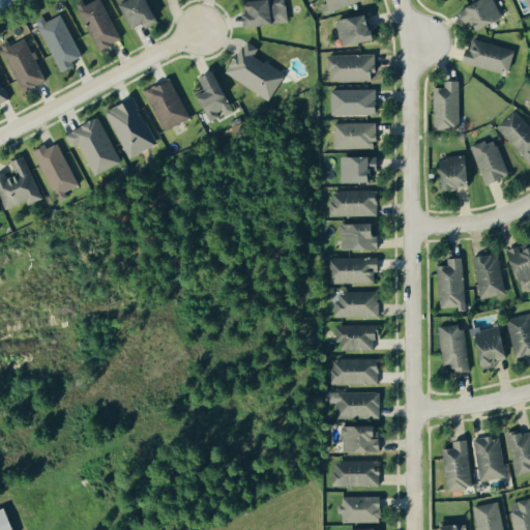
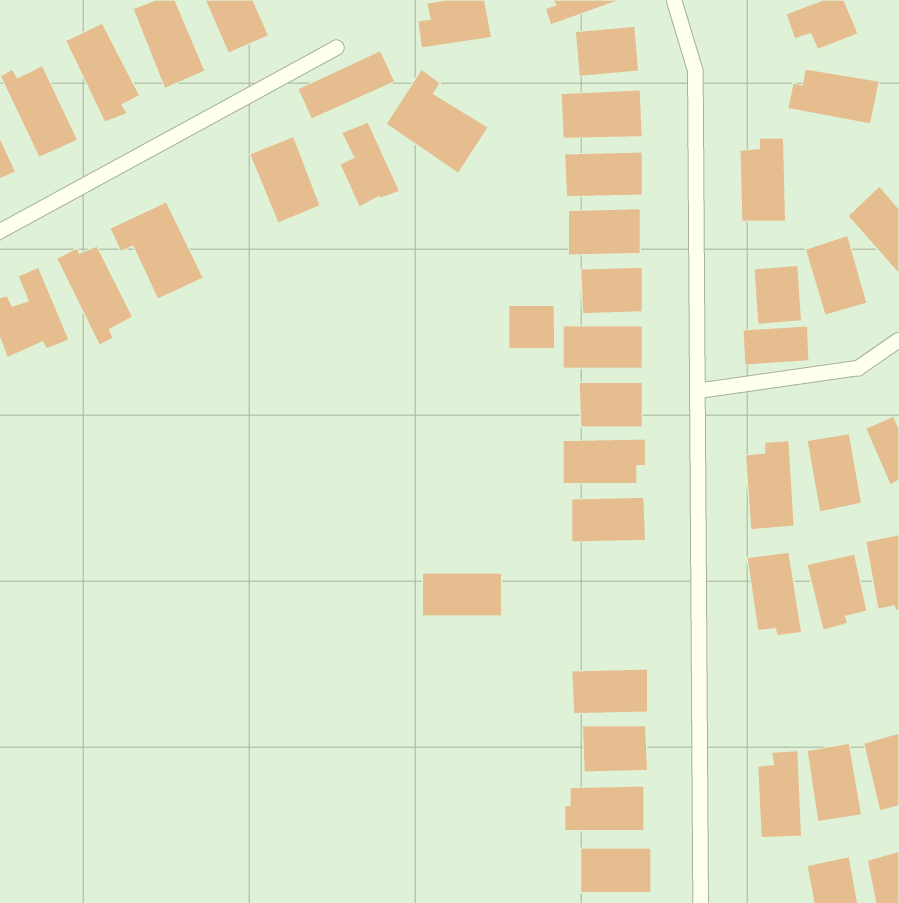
building: none -> [298,50,395,119]
building: [105,98,155,159] -> none
building: none -> [509,305,555,349]
building: none -> [743,326,809,365]
building: [336,326,379,351] -> none
building: [331,359,378,384] -> [422,573,502,616]

